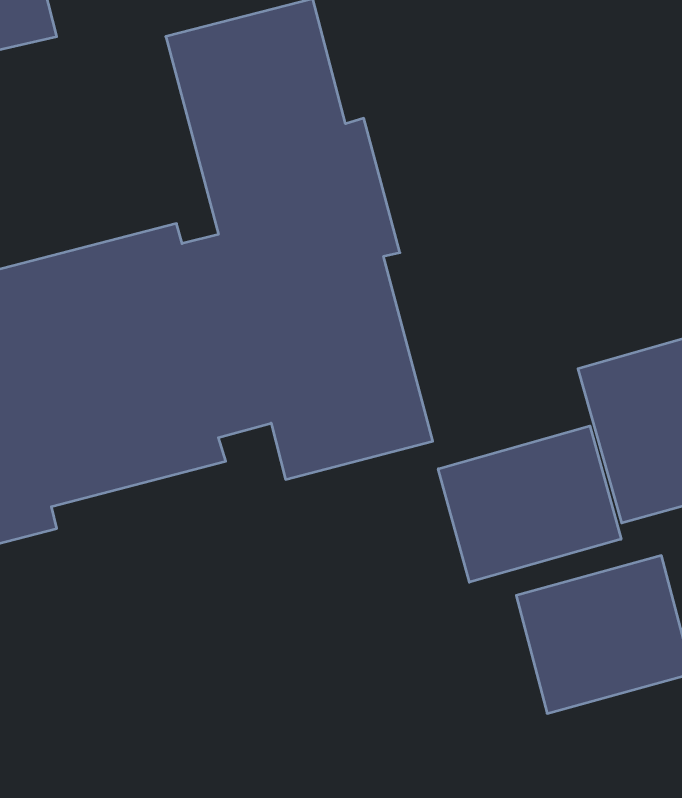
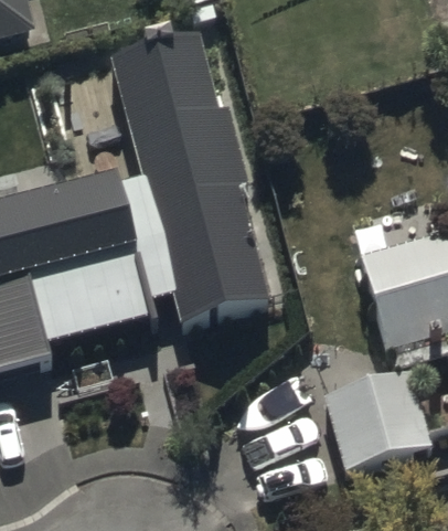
building: [438,426,621,582] -> none

